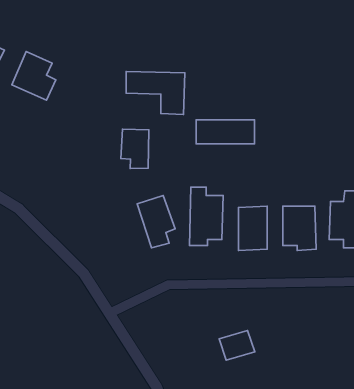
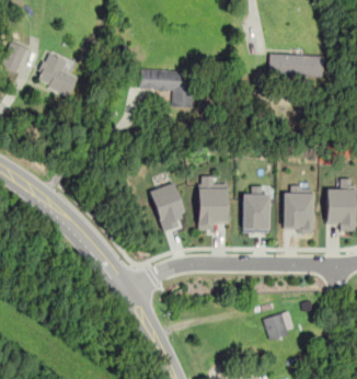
building: [196,120,255,144] -> [269,54,323,76]
building: [121,129,149,169] -> none
building: [219,331,255,360] -> [263,311,296,338]

